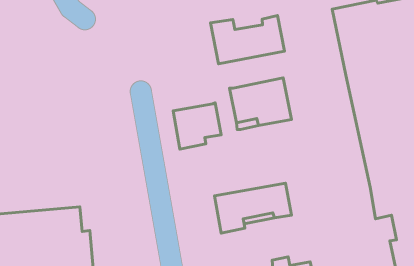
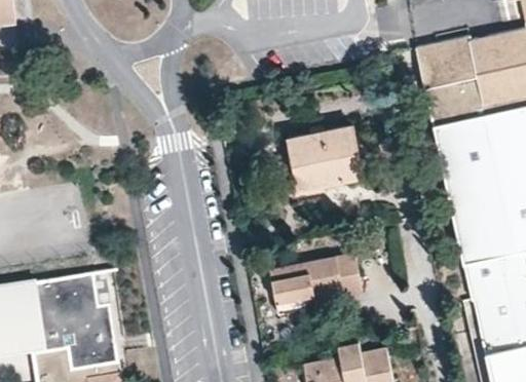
building: [211,16,284,64] -> none
building: [173,103,221,149] -> none

